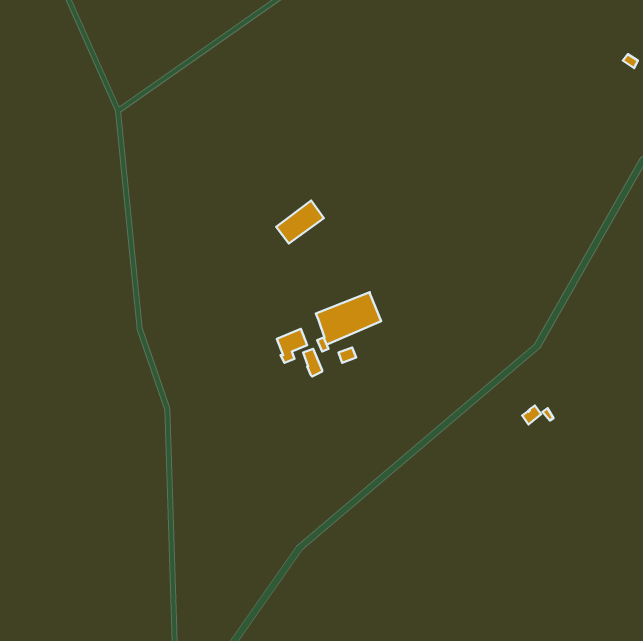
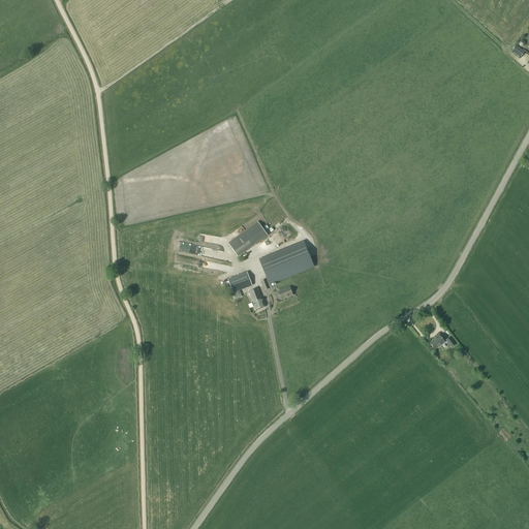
building: [276,201,324,243] -> [228,220,268,255]

